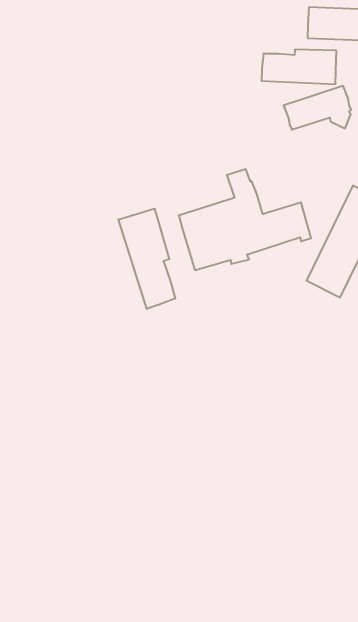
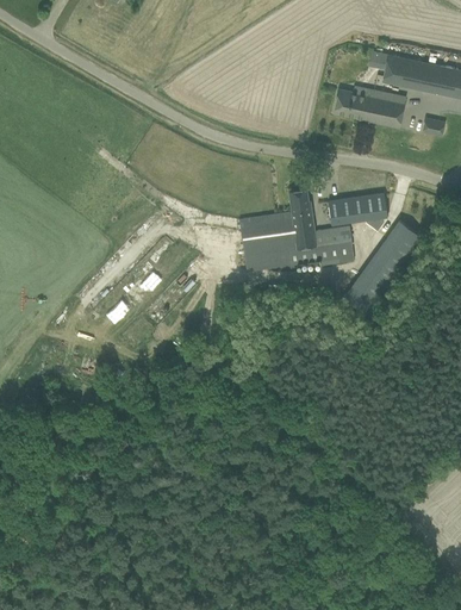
building: [284,86,351,130] -> [328,193,387,231]
building: [118,209,175,309] -> none

